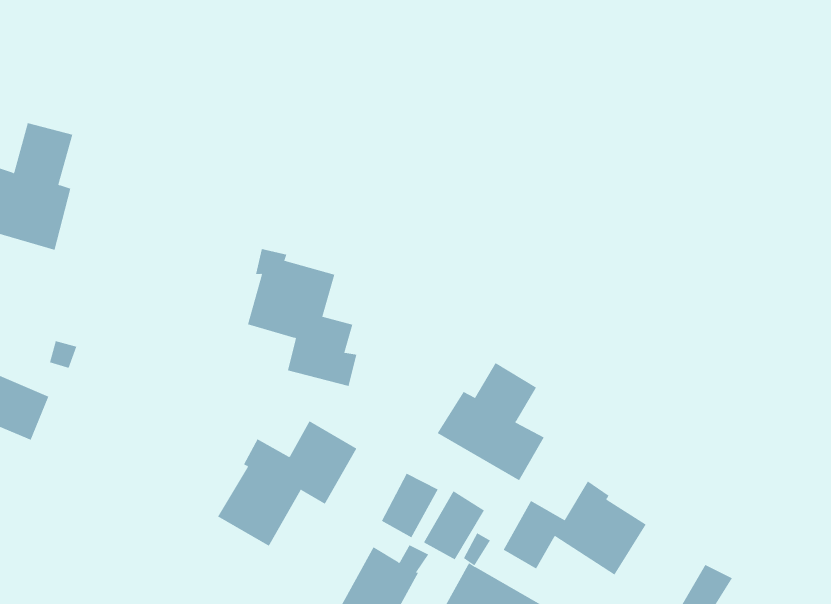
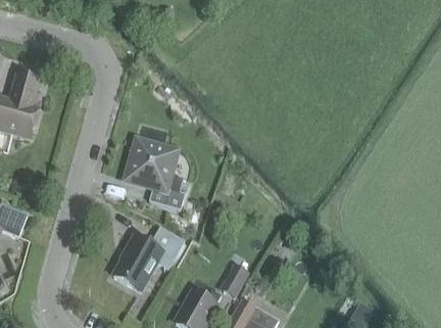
building: [437,362,544,481] -> none
building: [381,473,439,538] -> none
building: [503,480,647,575] -> none

